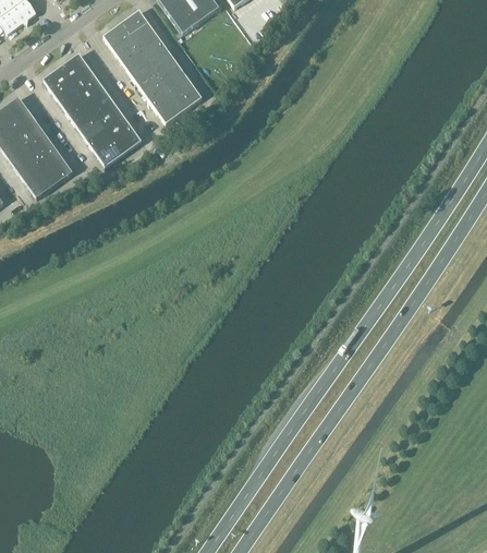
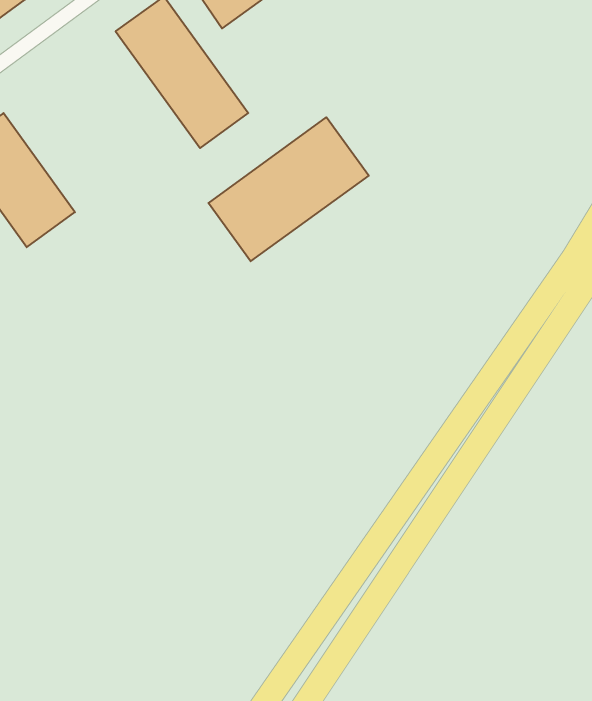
building: [42,53,141,167] -> none
building: none -> [208,117,369,261]

